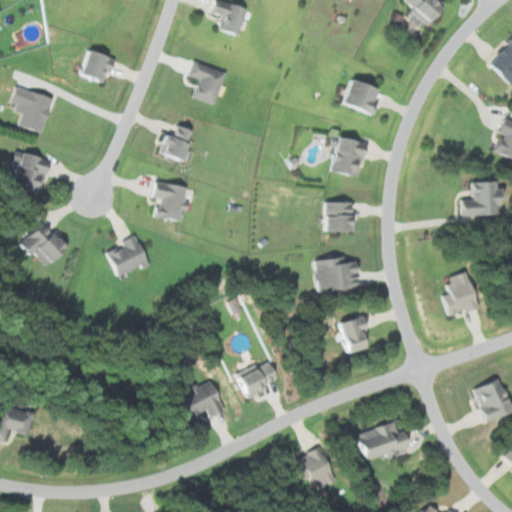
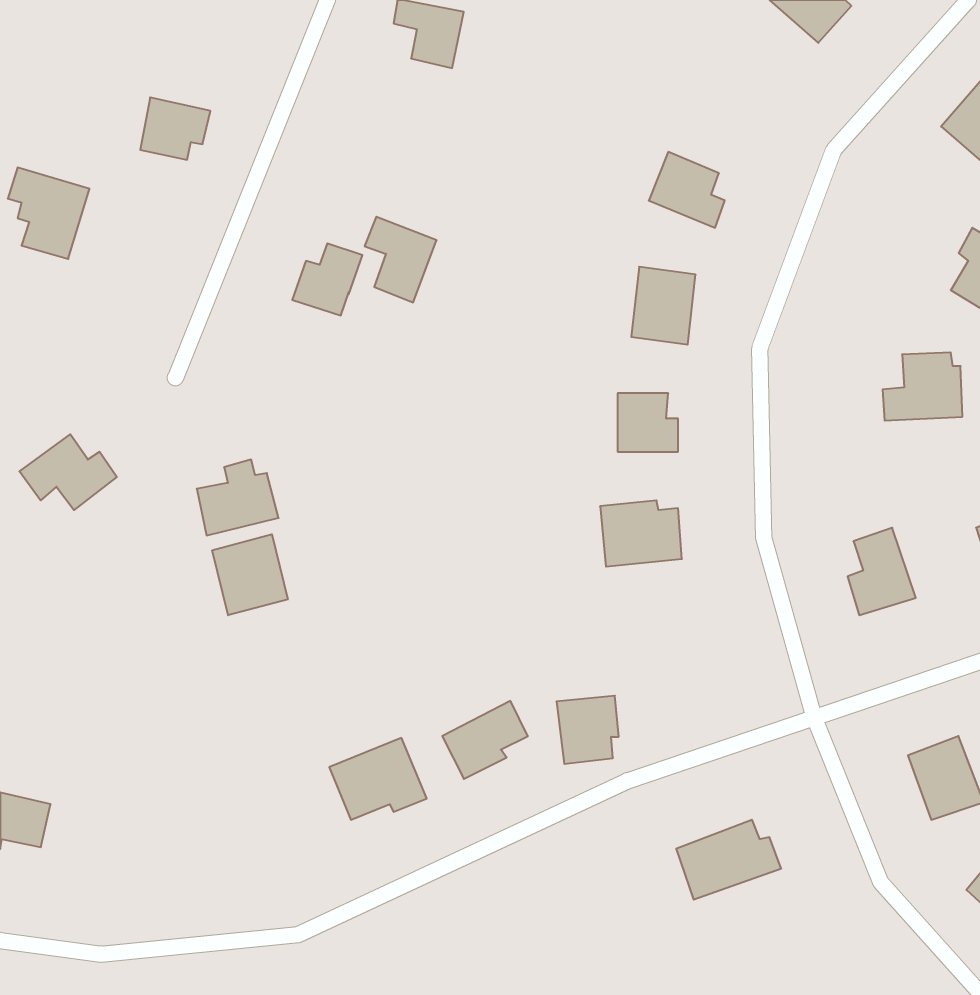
building: [190,60,227,104] -> [365,217,437,302]
building: [14,153,50,194] -> none
building: [152,182,188,221] -> none
building: none -> [212,534,288,615]
building: [338,317,370,352] -> [556,696,619,764]
building: [293,449,335,490] -> none

